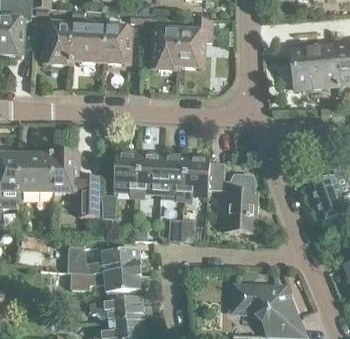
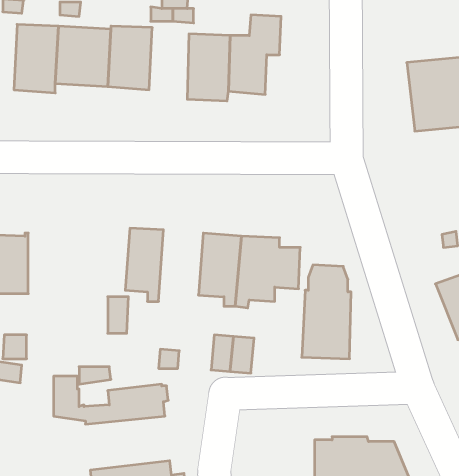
building: [52,152,99,216] -> none
building: [134,152,162,198] -> none
building: [70,269,148,292] -> none

